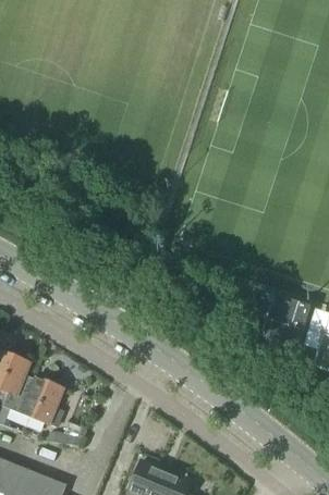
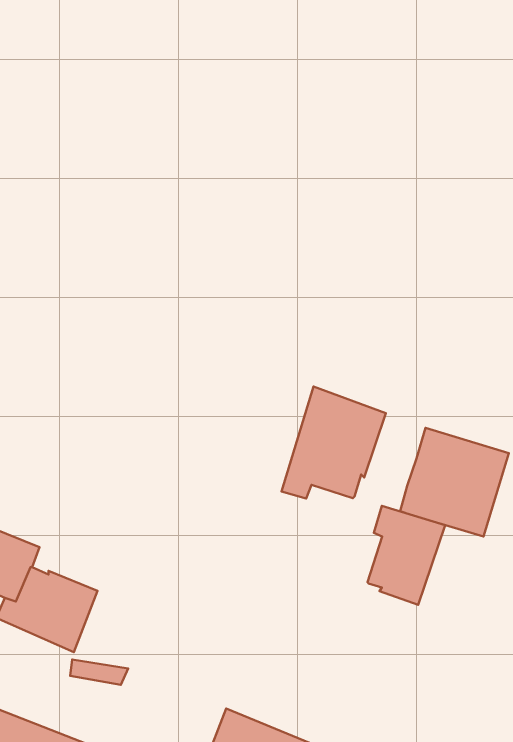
building: none -> [282,387,386,499]
building: none -> [368,506,445,605]

